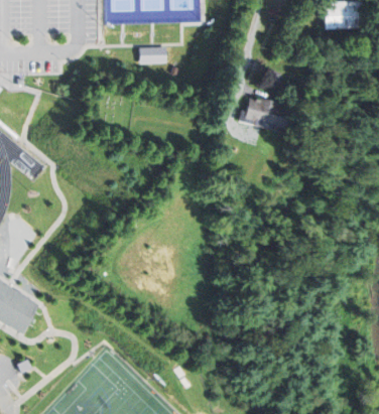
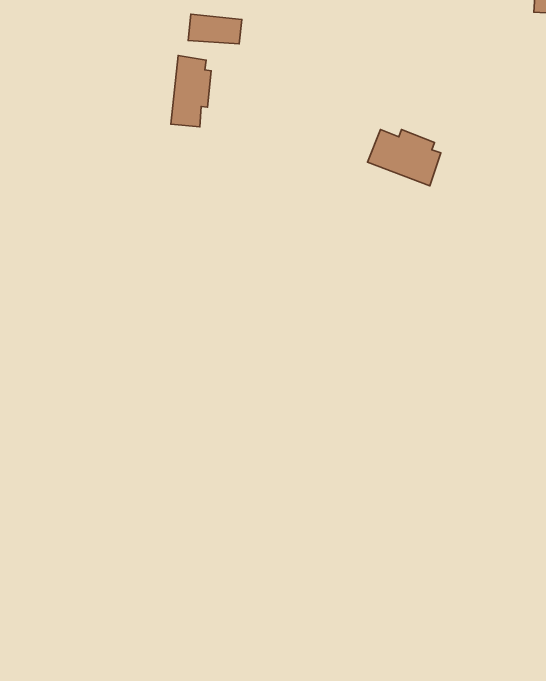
building: none -> [171,56,211,127]

